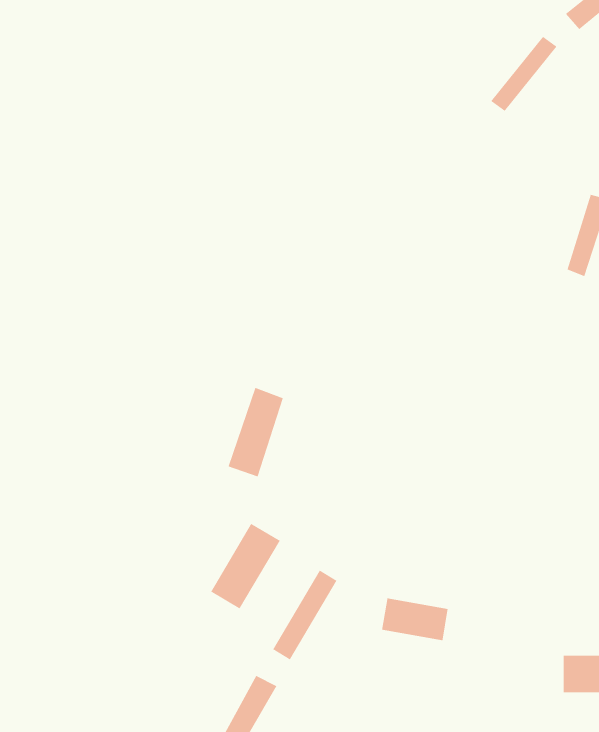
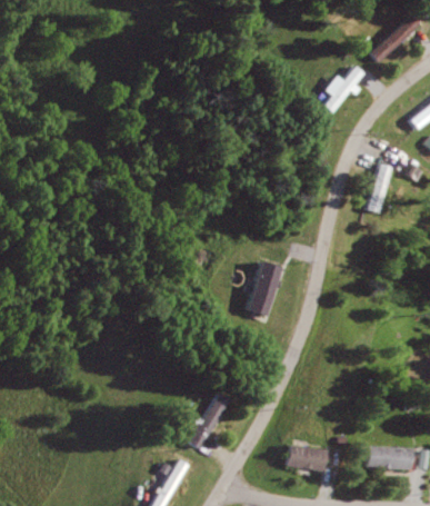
building: [227,387,284,478] -> [246,260,280,316]
building: [210,523,281,610] -> none
building: [381,598,449,641] -> [284,445,326,472]

